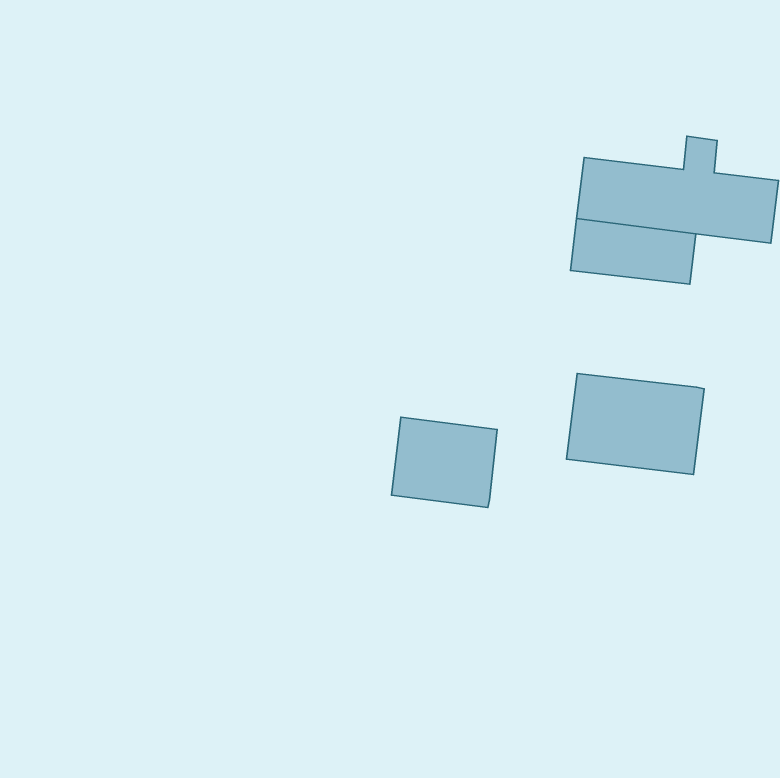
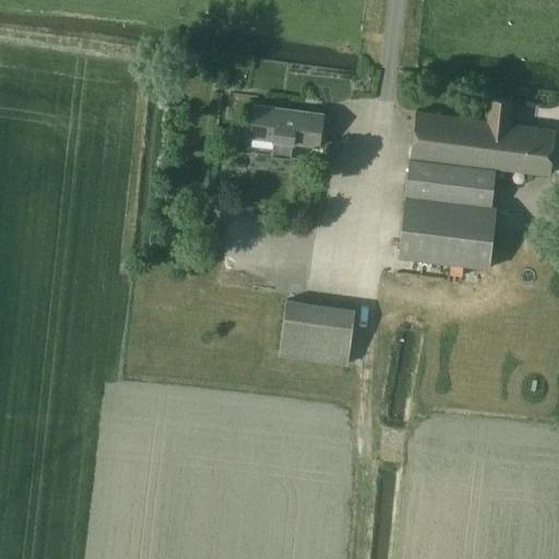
building: none -> [252,105,323,159]
building: [567,373,704,474] -> [400,195,498,267]

